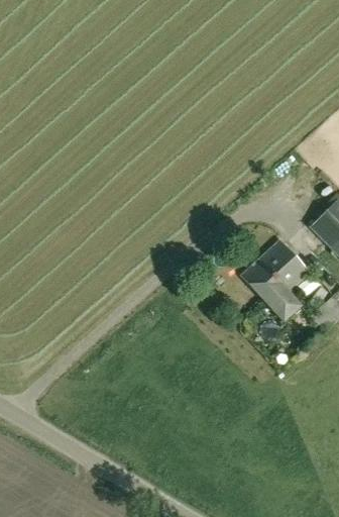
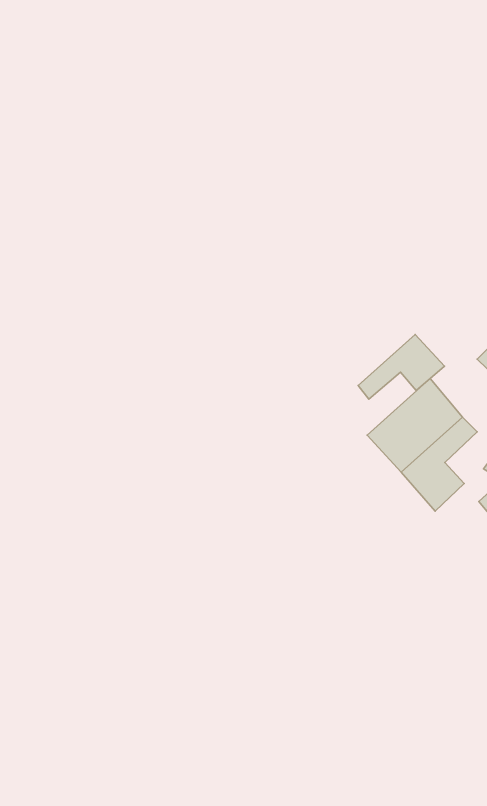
building: none -> [358,334,445,399]

